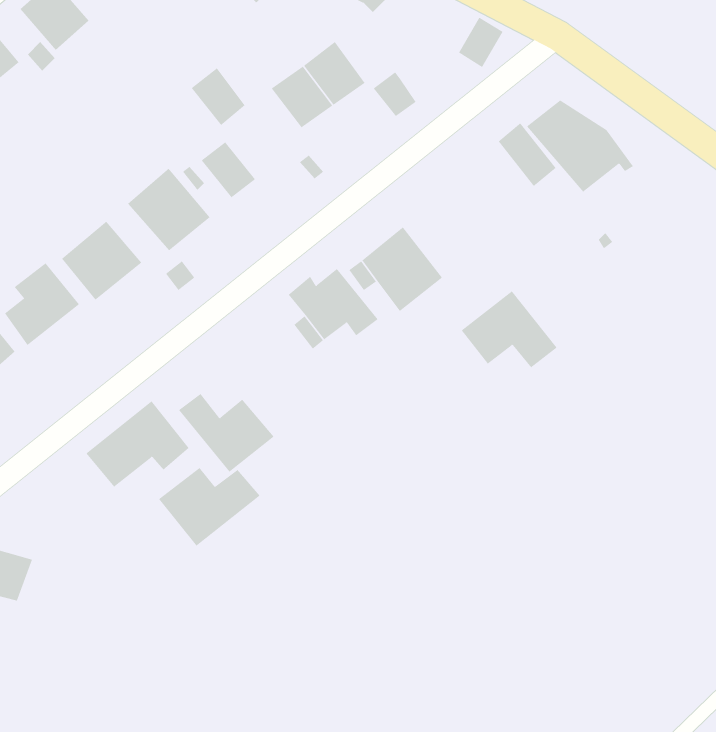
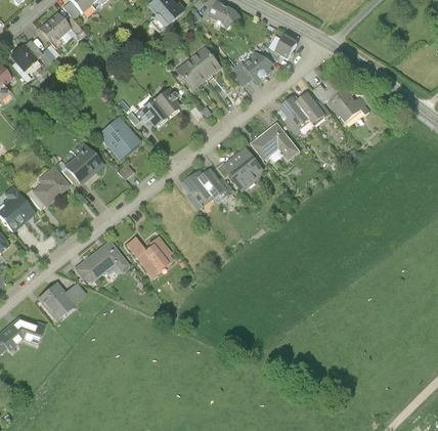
building: none -> [245,50,277,83]
building: [191,67,246,126] -> [149,88,179,120]
building: none -> [278,95,312,130]
building: [461,291,557,368] -> [250,121,302,163]
building: [158,467,260,547] -> [34,281,89,324]

